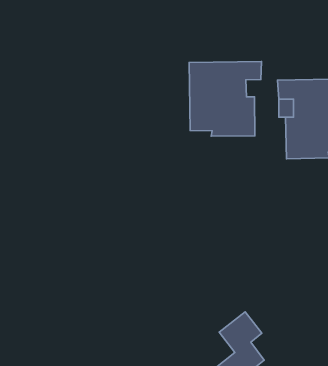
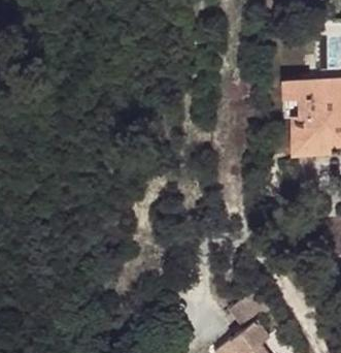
building: [189,61,261,136] -> none

